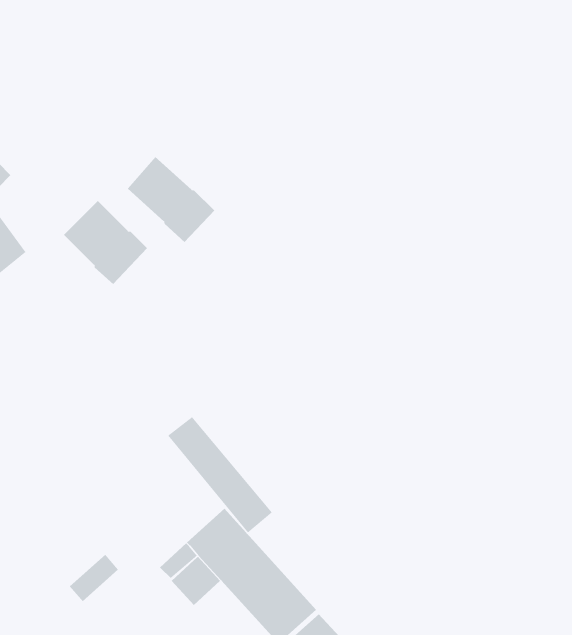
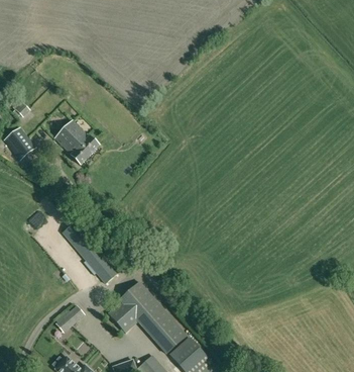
building: [127,156,215,243] -> none
building: [167,416,273,534] -> [62,221,117,283]

